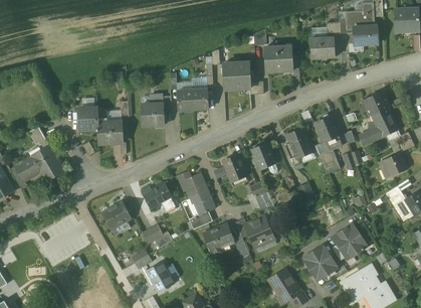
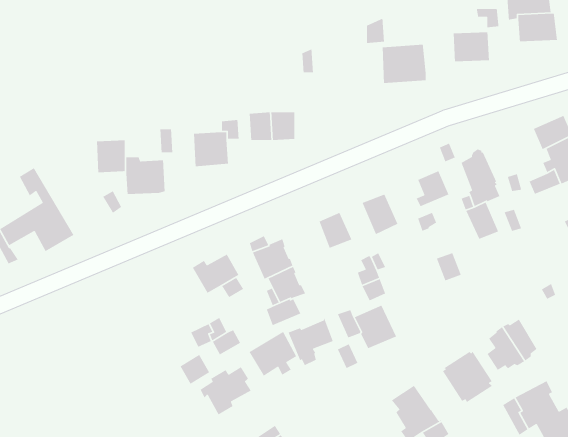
building: [222,62,251,89] -> none
building: [101,201,131,228] -> none
building: none -> [248,332,297,377]

